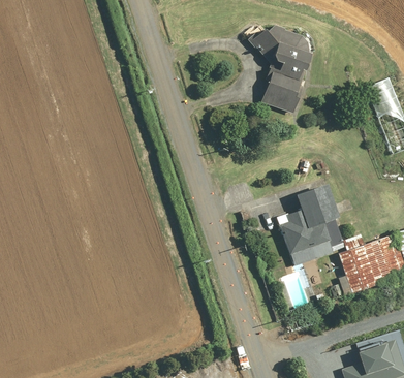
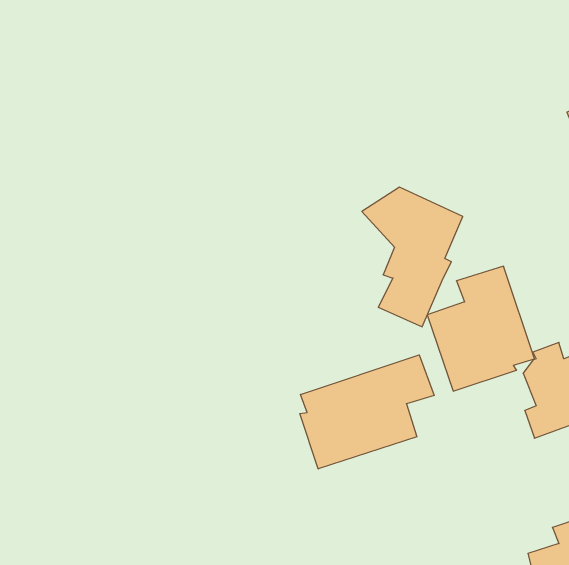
building: [250,24,314,113] -> [362,187,463,327]
building: none -> [300,355,434,469]

